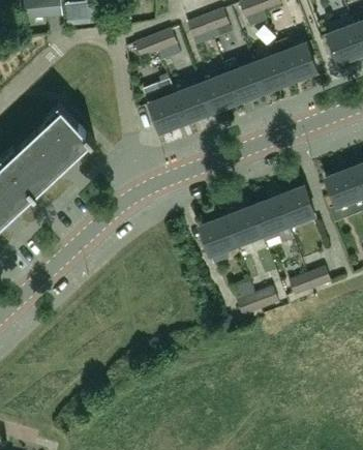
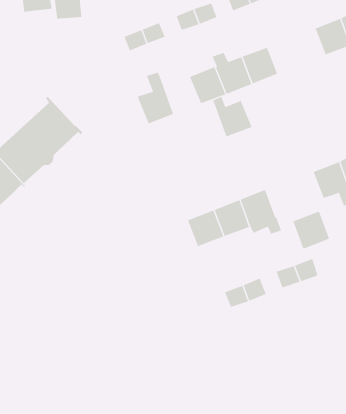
building: [276,39,317,82] -> none
building: [173,81,213,122] -> [212,96,253,137]
building: [278,187,315,226] -> [293,211,330,249]

